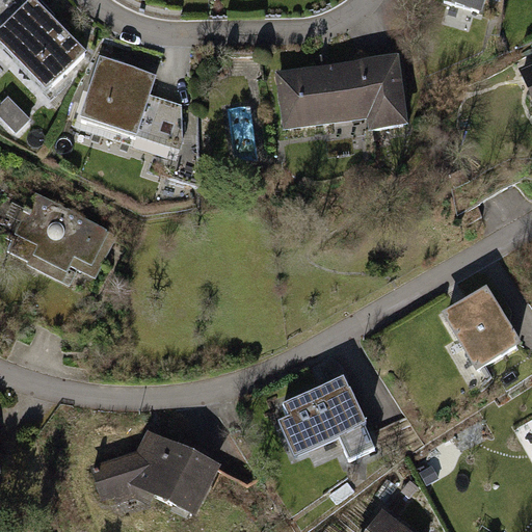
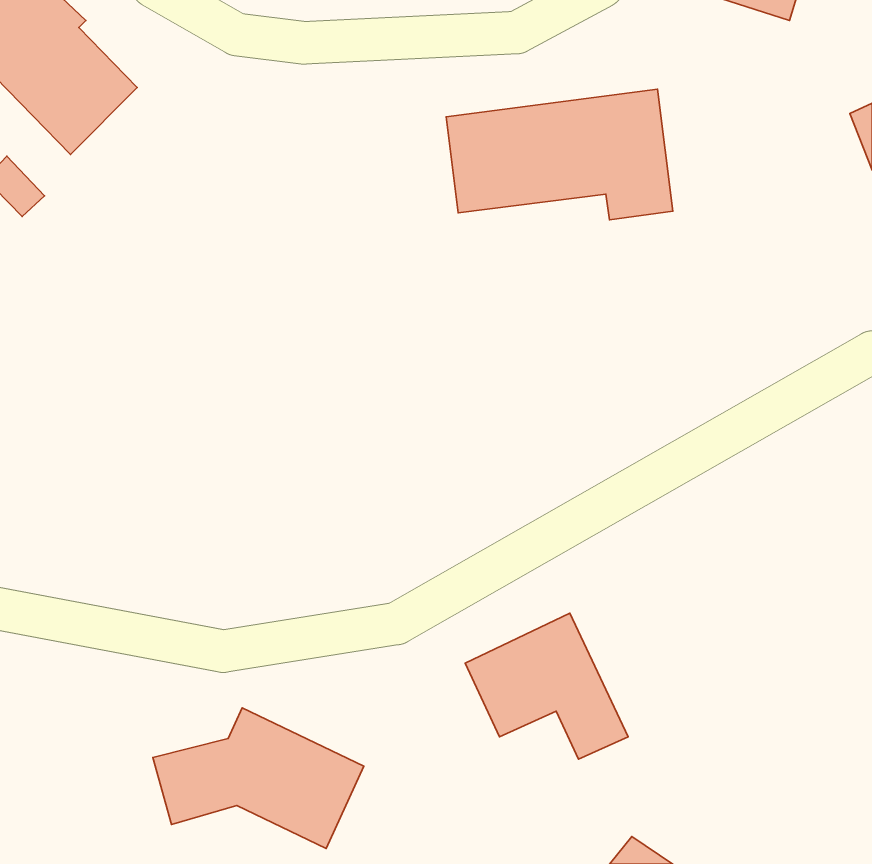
building: [79,58,180,148] -> none
building: [11,197,111,274] -> none
building: [448,287,514,367] -> none

